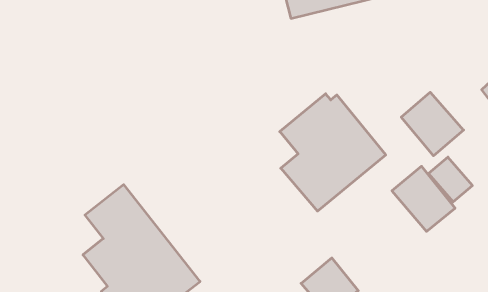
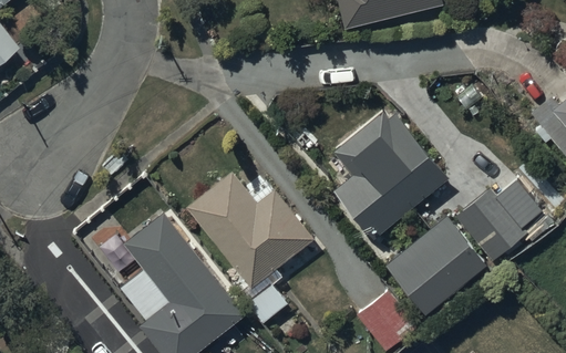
building: [401,92,464,156] -> none
building: none -> [185,172,313,289]
building: none -> [385,217,487,315]

